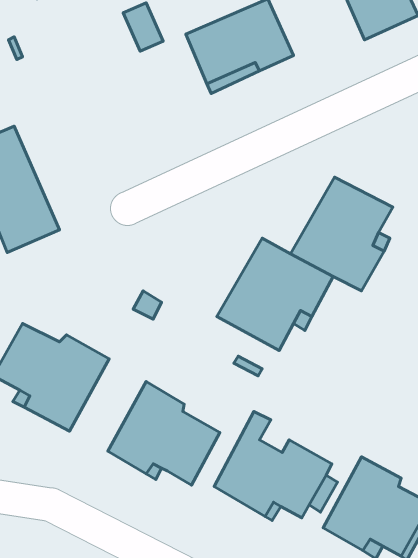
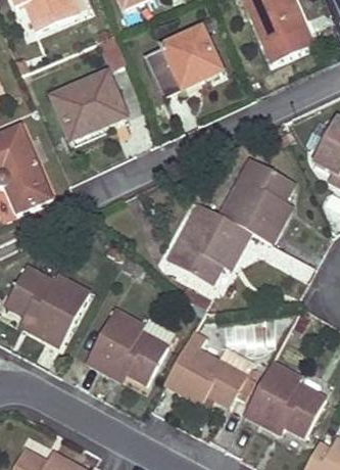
building: none -> [53,73,120,136]

